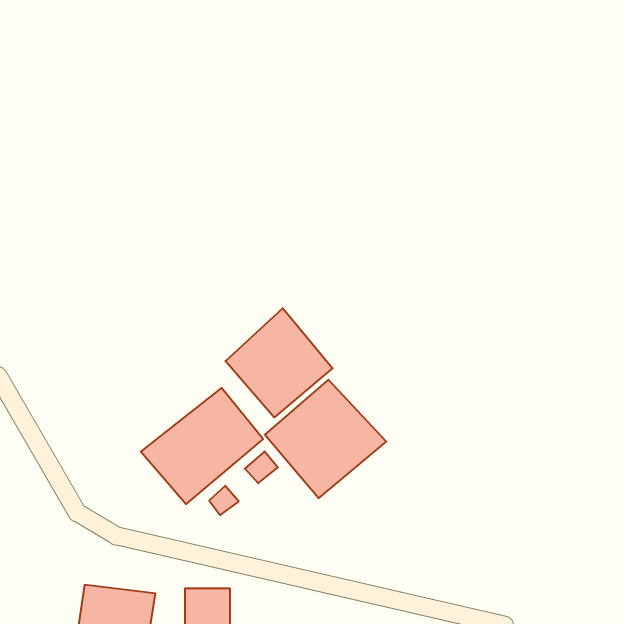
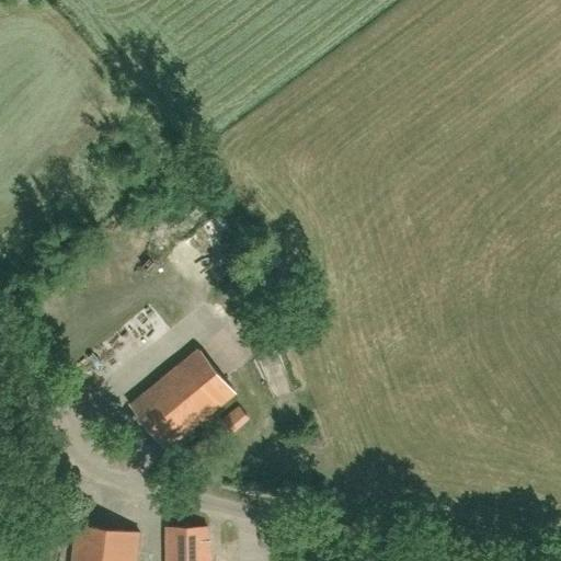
building: [225,308,333,417] -> none
building: [265,380,386,498] -> none

